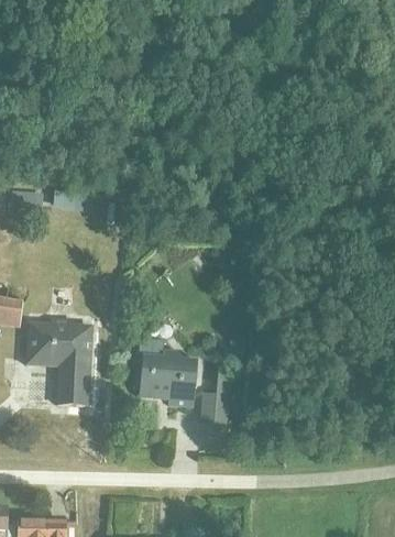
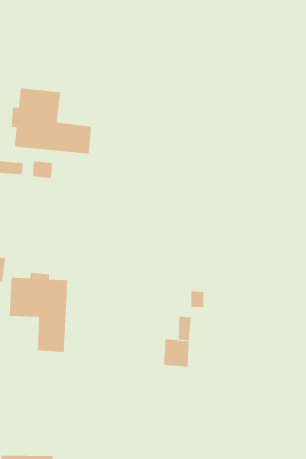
building: none -> [11,87,92,155]
building: [134,339,197,406] -> none

